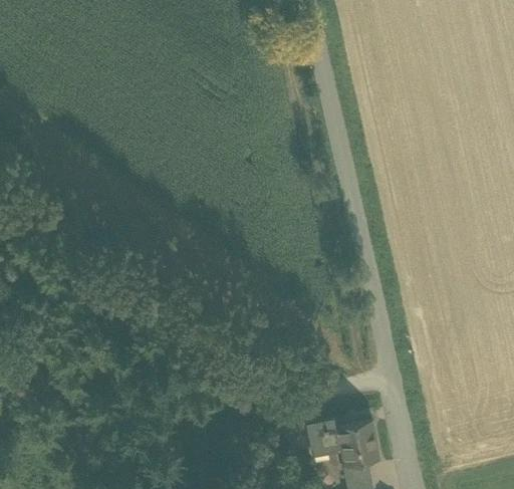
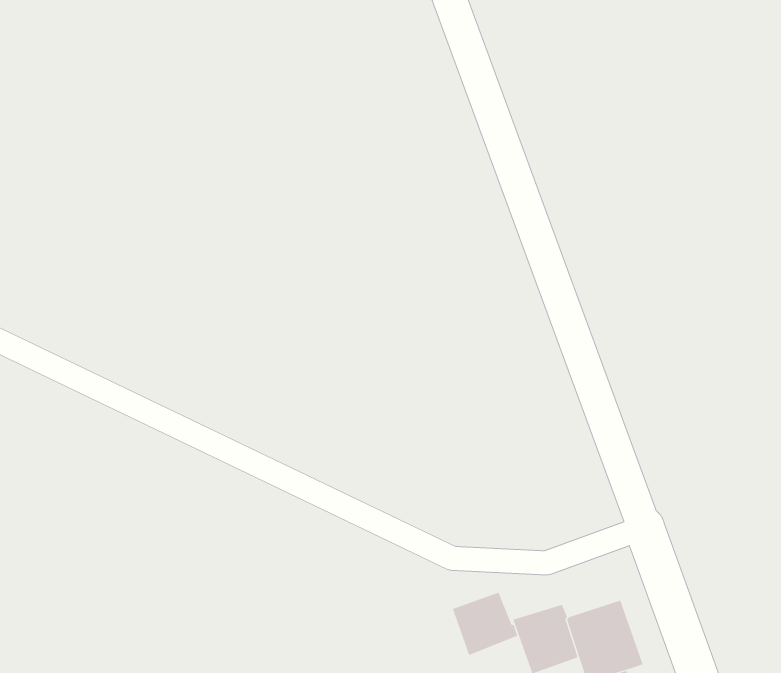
building: none -> [452,592,518,656]

